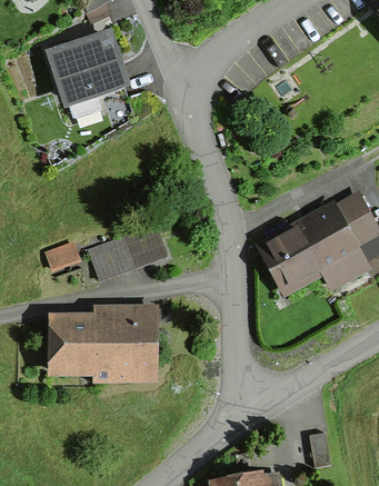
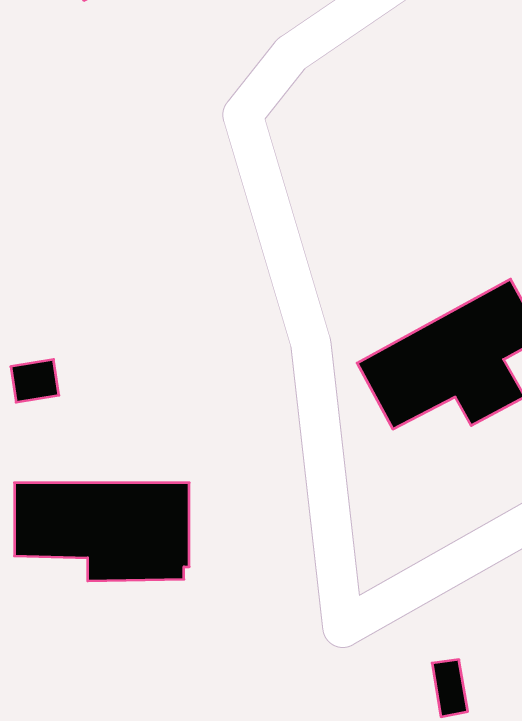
building: [51,36,122,100] -> none
building: [88,225,164,280] -> none

